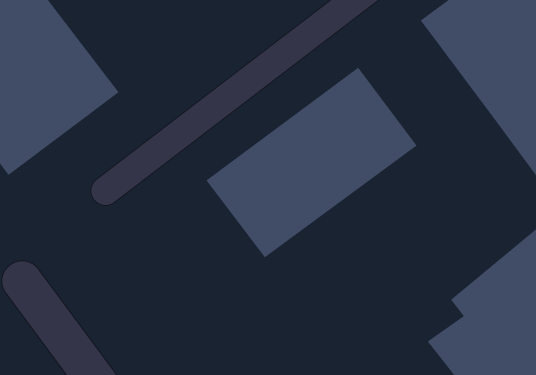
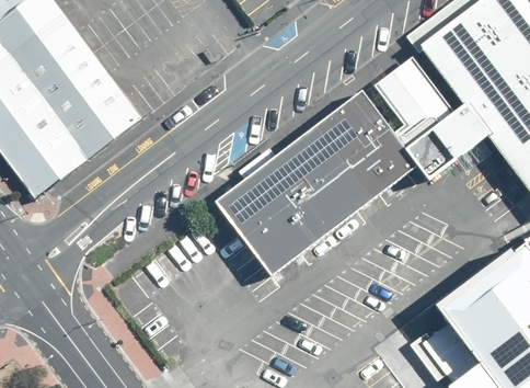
building: none -> [361,46,486,180]

